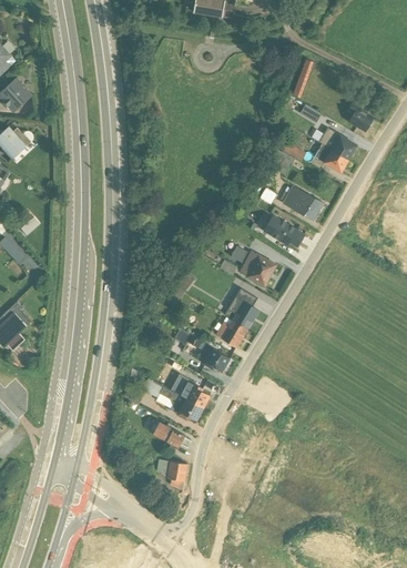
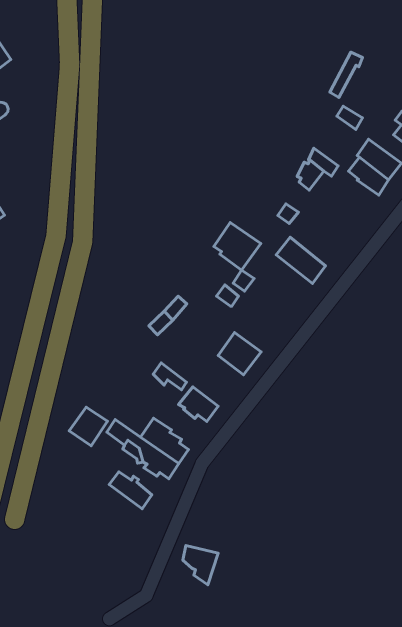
building: [281,184,323,221] -> none
building: [238,250,276,287] -> [214,222,261,270]
building: [214,316,246,347] -> none
building: none -> [69,407,107,446]
building: [159,459,186,489] -> [183,545,218,585]

